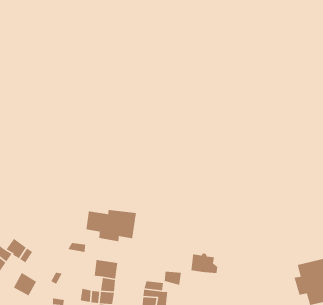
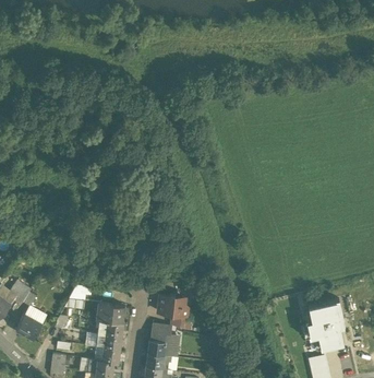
building: [85,209,137,242] -> none
building: [190,253,218,274] -> [158,293,186,315]

